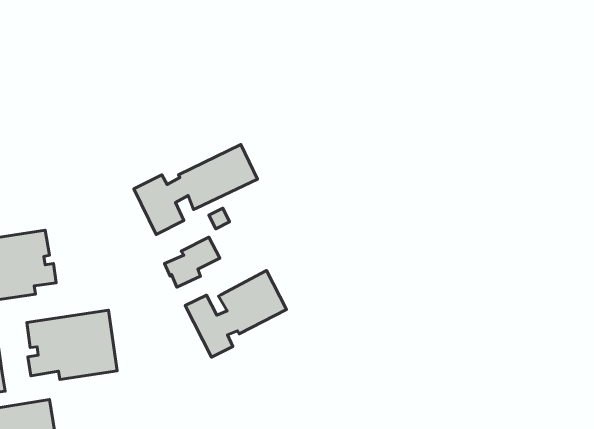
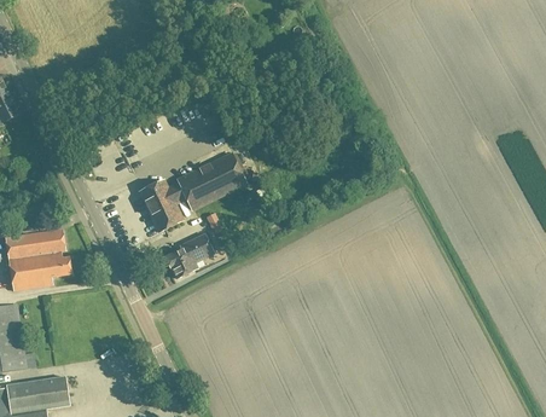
building: [185,271,287,357] -> none
building: [27,310,117,379] -> none

